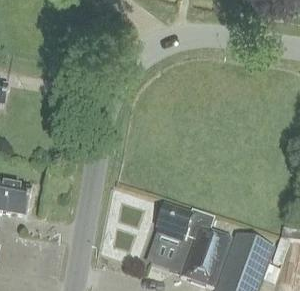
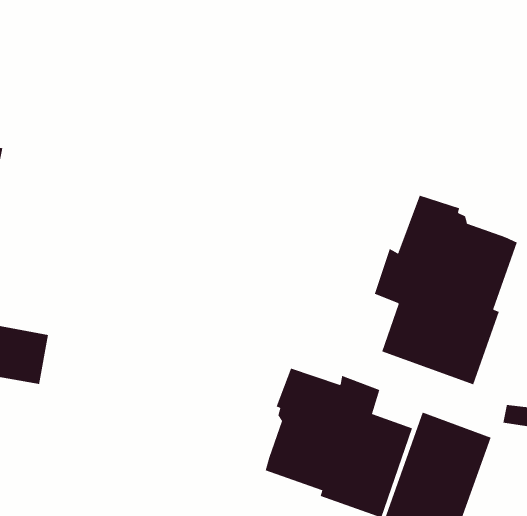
building: none -> [374,195,518,385]

